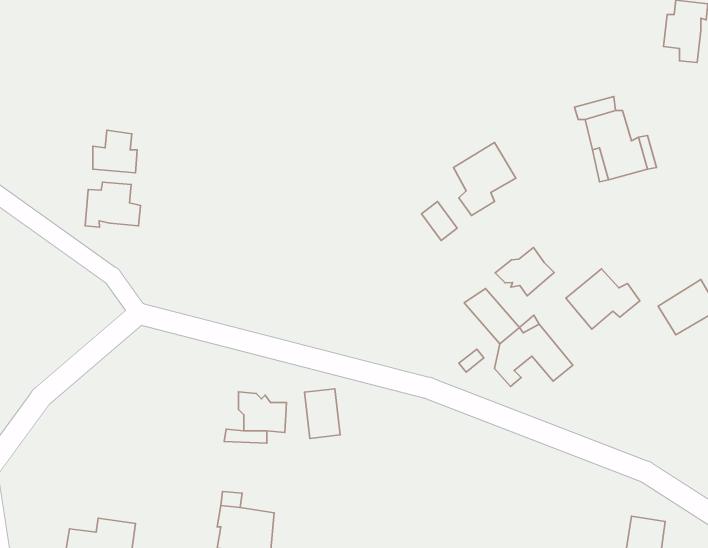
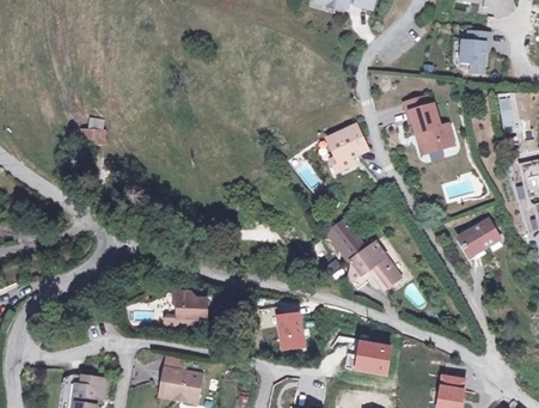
building: [85,182,140,227] -> none
building: [495,248,554,296] -> none
building: [566,269,640,329] -> none
building: [304,389,340,439] -> [277,315,301,348]
building: none -> [343,343,388,374]

